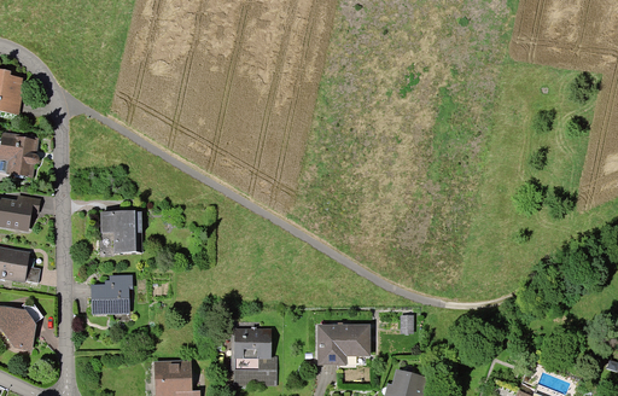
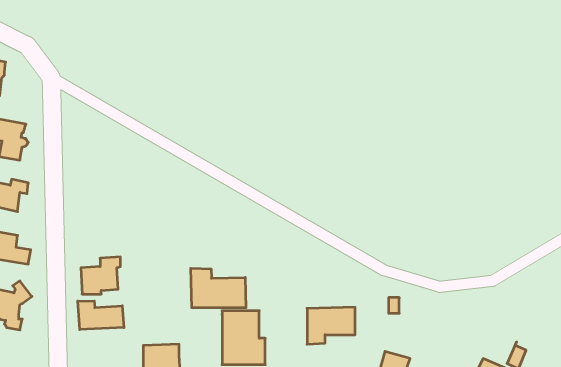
building: [100,211,140,251] -> none
building: none -> [191,268,246,308]
building: none -> [78,301,124,330]

